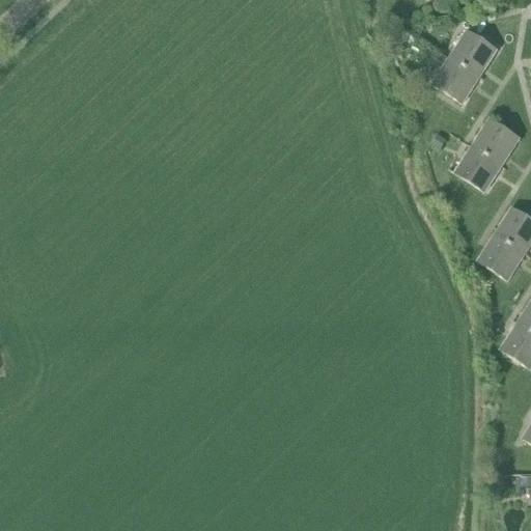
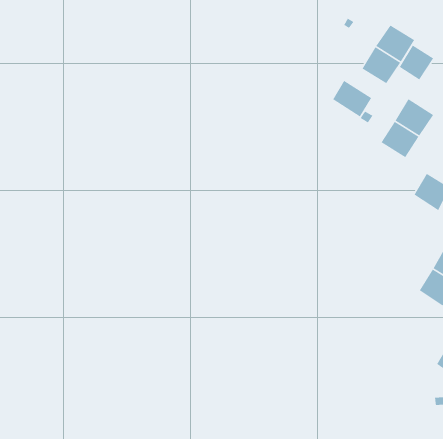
building: none -> [399,44,434,81]
building: none -> [332,80,372,117]
building: [478,232,525,278] -> none

